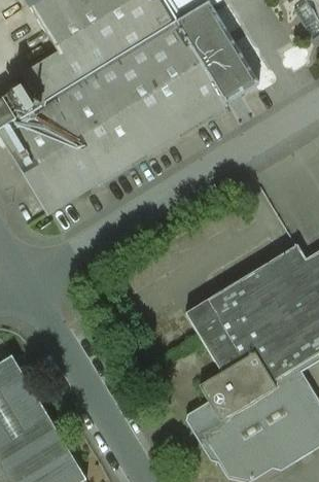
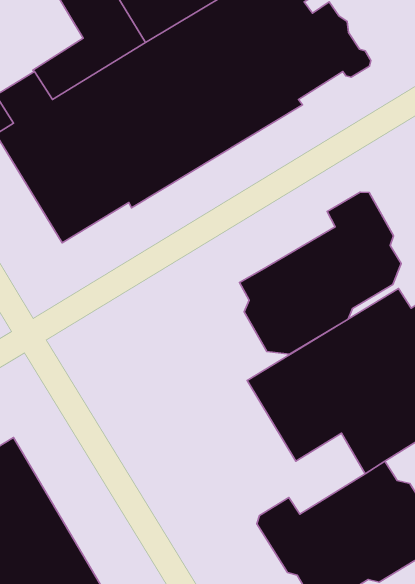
building: none -> [240,192,401,354]
building: [205,353,272,413] -> none

